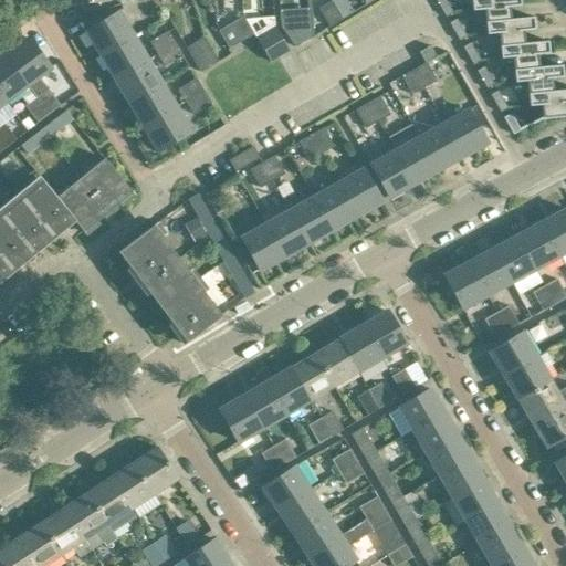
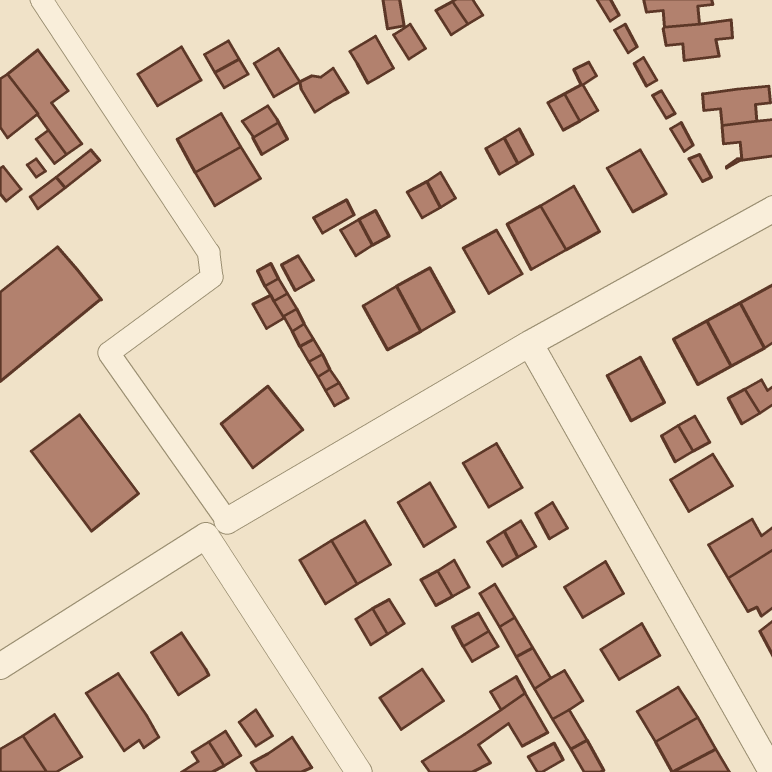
building: [87,10,134,54] -> none
building: [219,17,254,49] -> [300,68,348,112]
building: [500,39,549,69] -> none
building: [116,59,163,102] -> none
building: [420,123,463,169] -> none
building: [57,157,134,231] -> none
building: [315,181,358,228] -> none
building: [242,223,284,270] -> none
building: [118,224,197,310] -> [31,415,139,531]
building: [469,248,511,294] -> none
building: [364,310,407,356] -> none
building: [315,338,358,385] -> none
building: [504,355,551,398] -> none
building: [268,367,311,412] -> none
building: [400,388,443,429] -> none
building: [427,433,470,474] -> none
building: [134,446,178,493] -> none
building: [263,465,310,510] -> none
building: [87,476,136,531] -> none
building: [453,479,496,520] -> none
building: [41,506,92,557] -> none
building: [294,512,340,556] -> none

